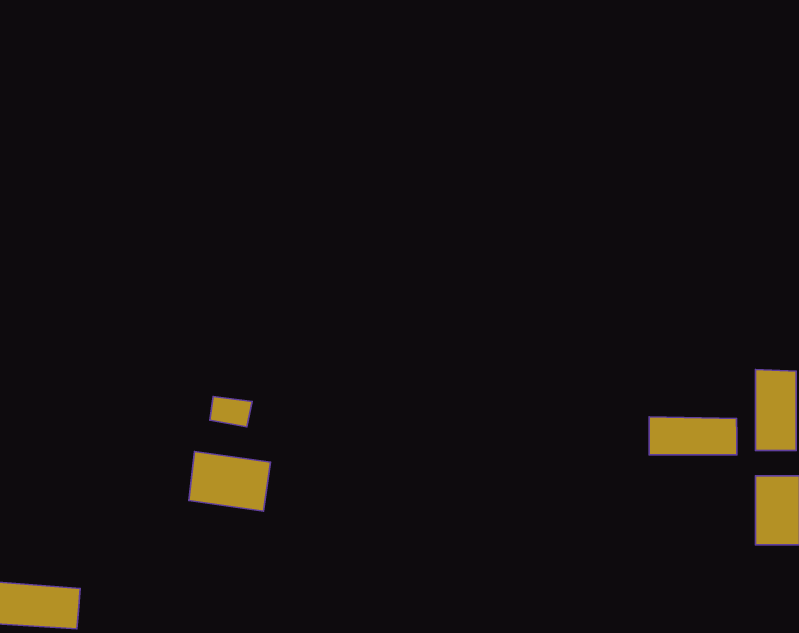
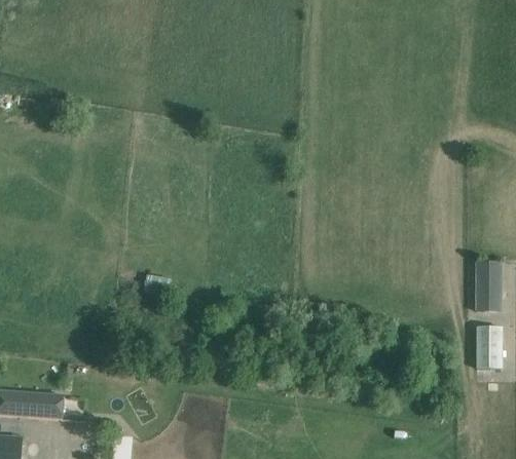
building: [649,417,737,455] -> none
building: [189,451,270,511] -> none

